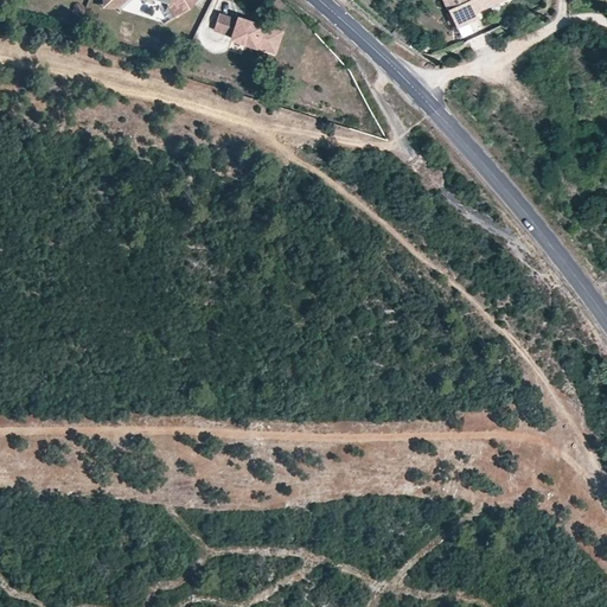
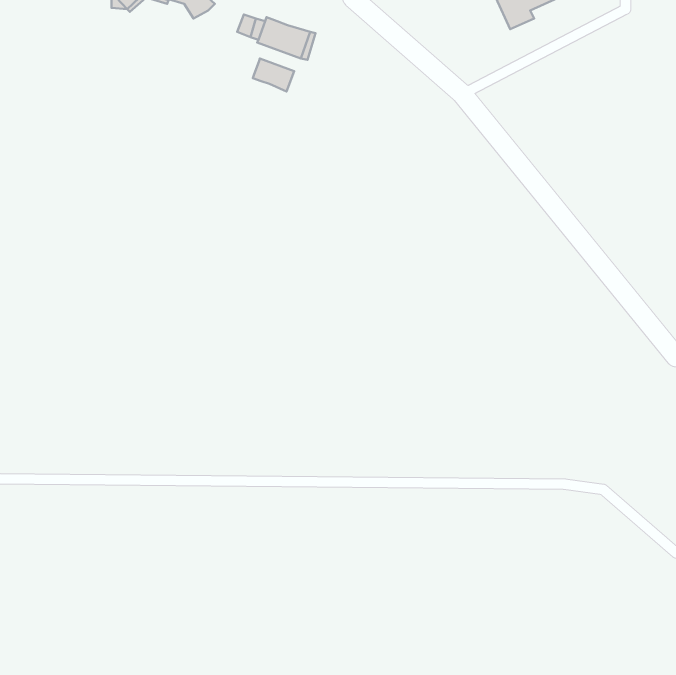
building: none -> [253,58,294,91]

